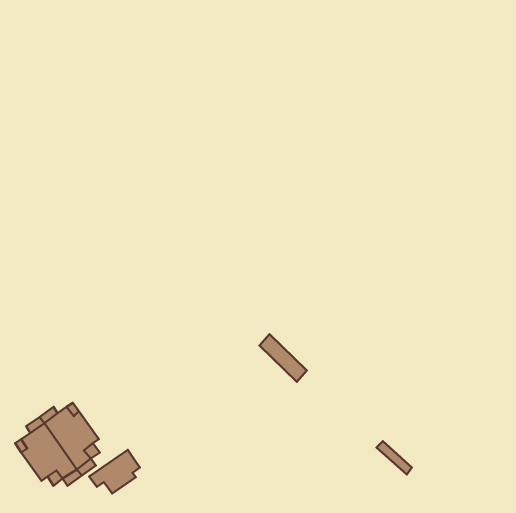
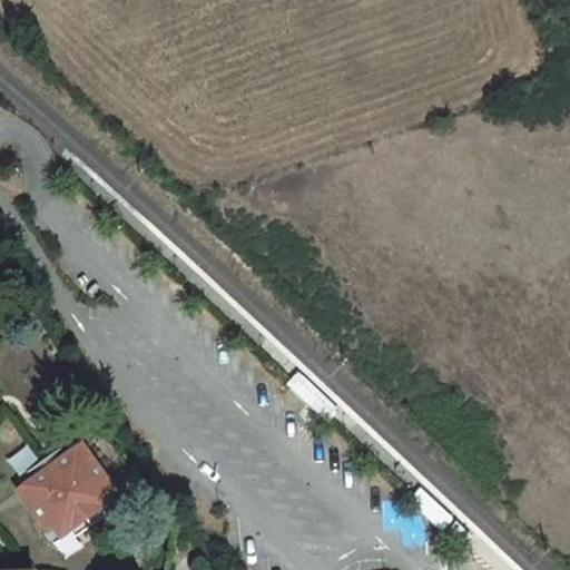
building: [89,450,140,493] -> none

